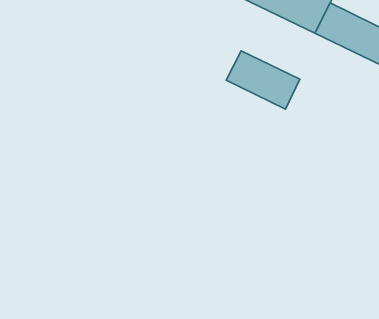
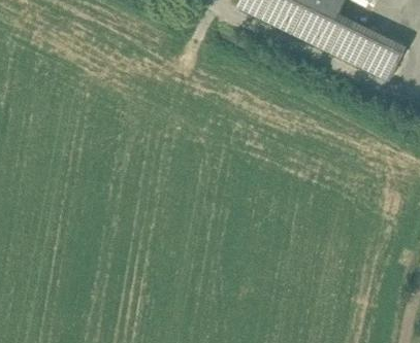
building: [226,51,300,109] -> none

